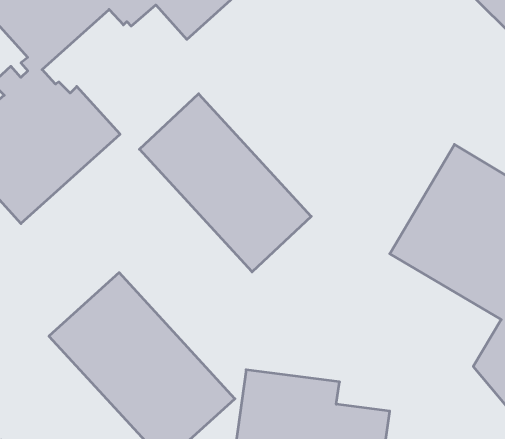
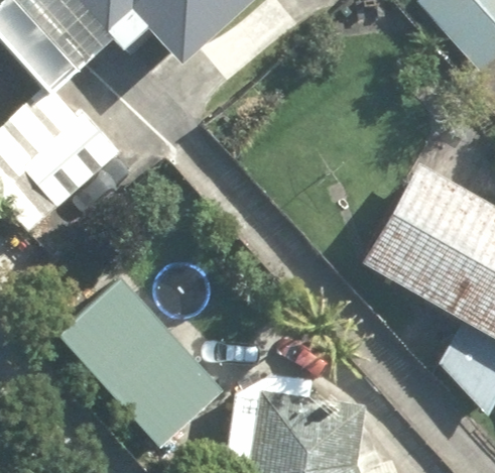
building: [139,94,311,272] -> none

